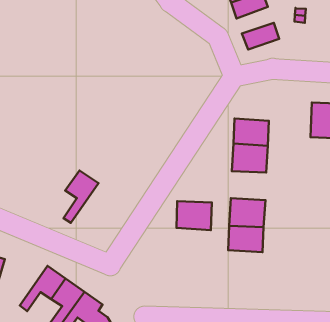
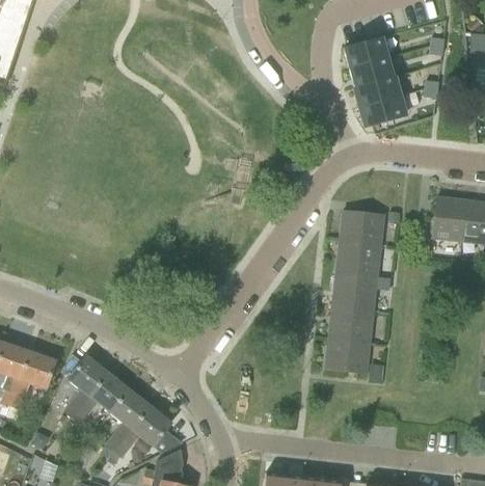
building: none -> [354,77,399,107]
building: [64,171,98,223] -> [62,355,107,417]
building: [176,201,212,230] -> [333,272,378,309]

